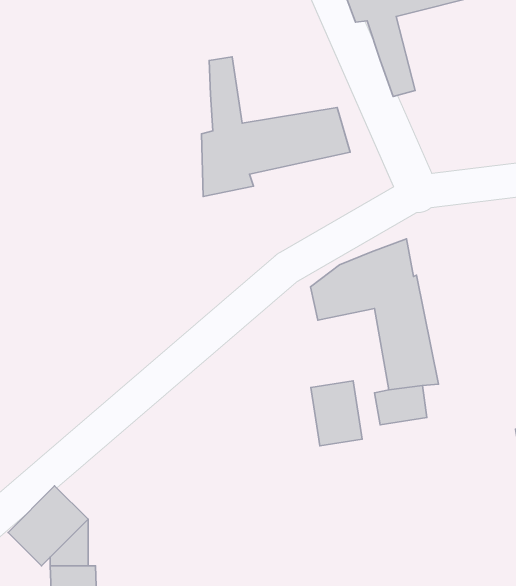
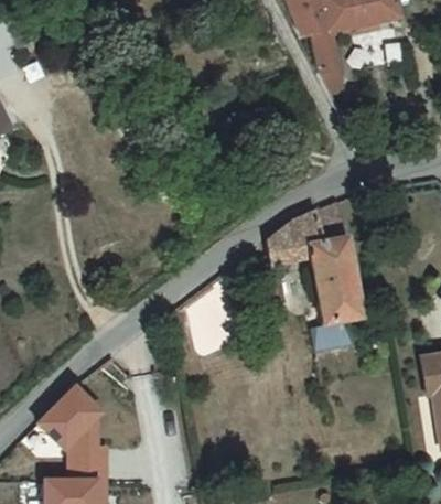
building: [201,57,350,197] -> none
building: [311,381,362,446] -> none

